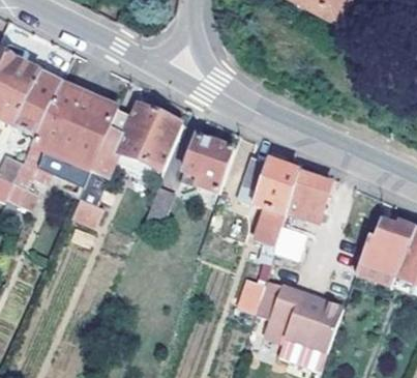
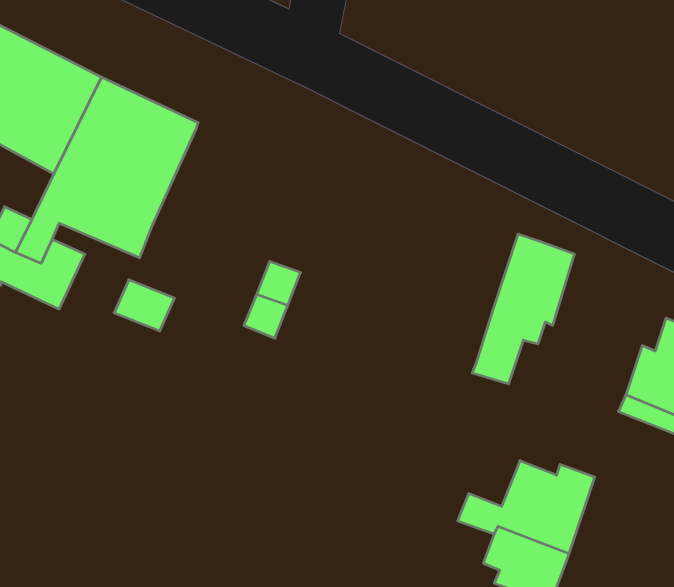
building: [91,100,182,173] -> none
building: [180,134,235,190] -> none
building: [238,153,298,242] -> none
building: [247,275,322,331] -> none

